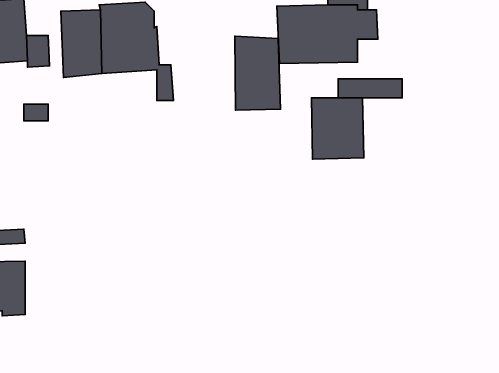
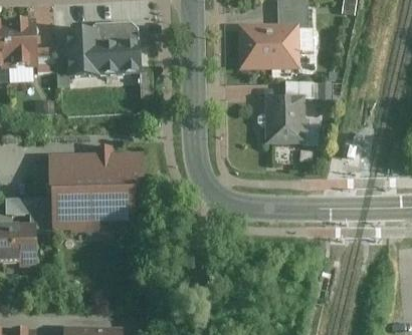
building: [235,36,280,110] -> none
building: none -> [50,145,146,234]

